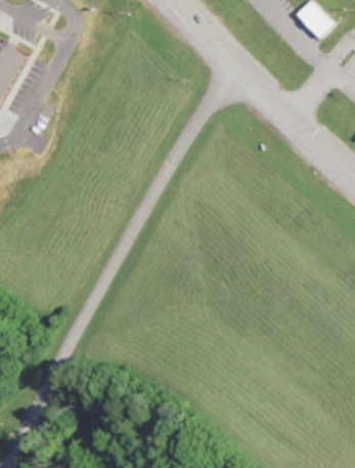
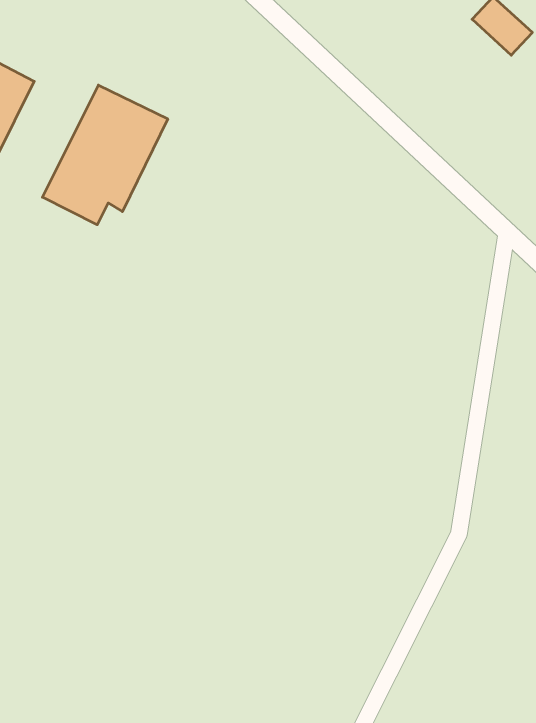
building: none -> [42,85,168,225]

